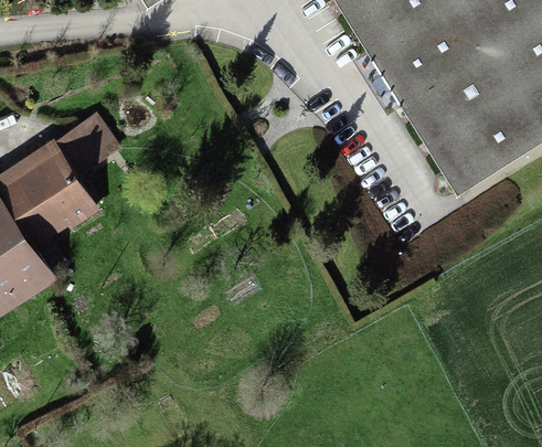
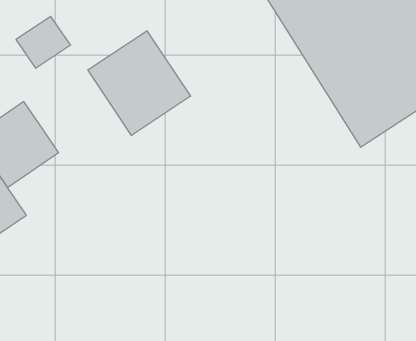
building: none -> [88,31,191,136]
building: [47,113,115,177] -> [16,16,71,68]

